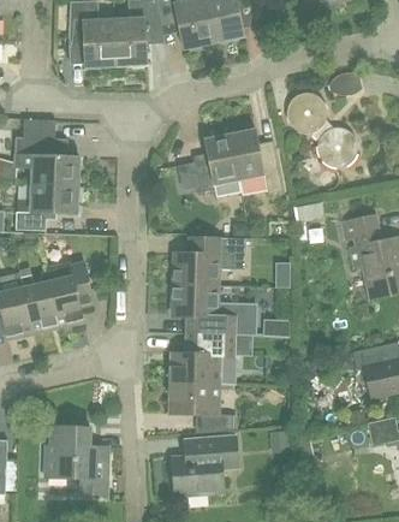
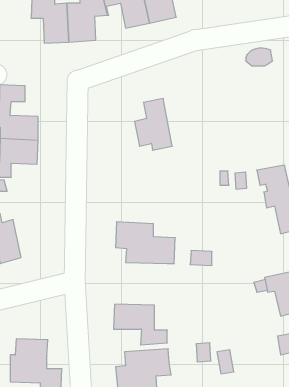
building: [286,93,357,168] -> none
building: [228,129,282,195] -> none
building: [172,236,244,286] -> none
building: [42,260,95,327] -> none
building: [169,333,233,385] -> none

